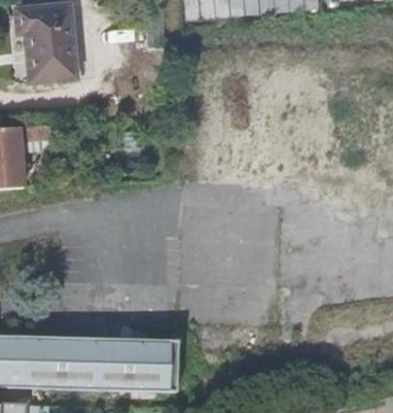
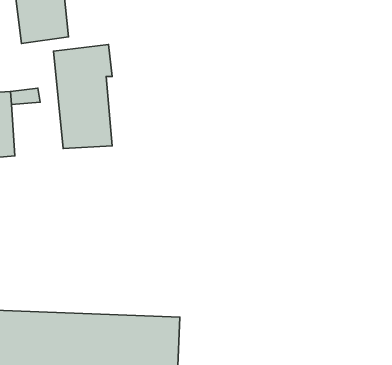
building: none -> [53,44,112,148]

